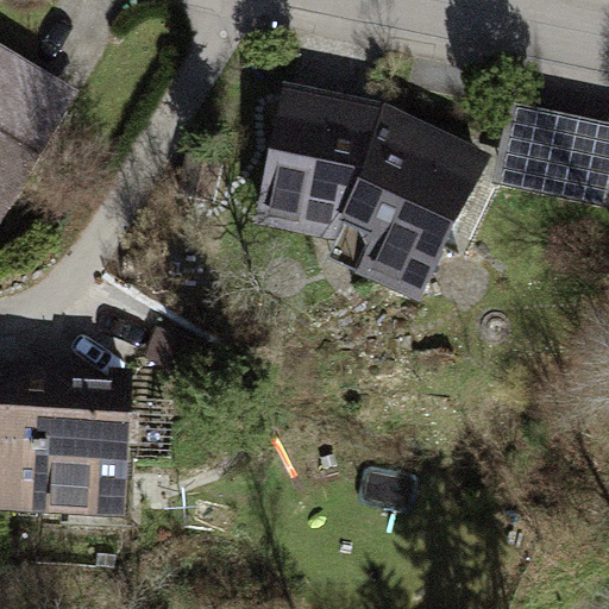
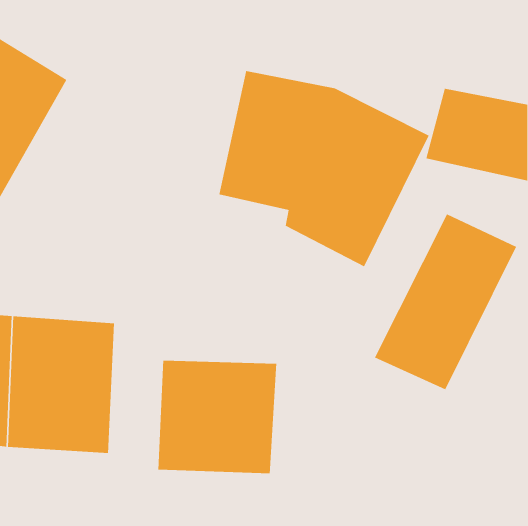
building: none -> [374,214,517,390]
building: none -> [158,360,277,474]

